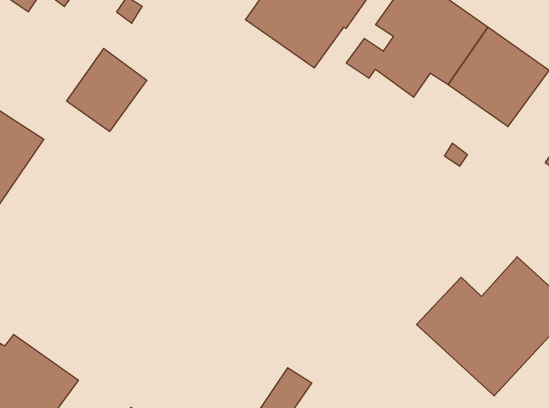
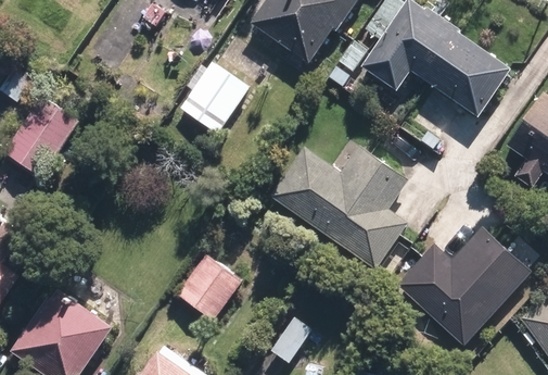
building: [67,48,147,131] -> [180,61,248,132]
building: none -> [270,145,409,268]
building: none -> [171,257,237,324]

